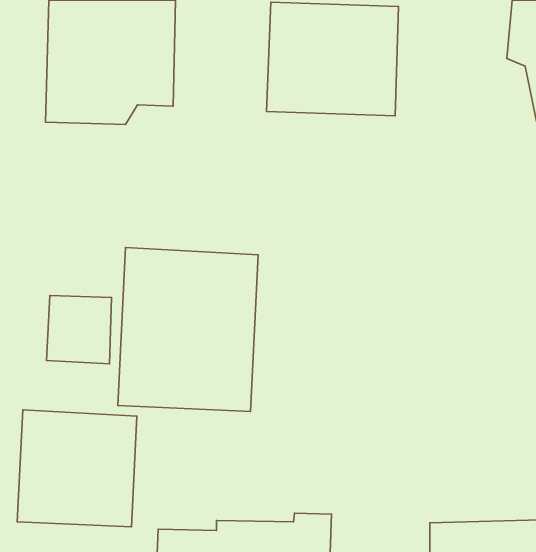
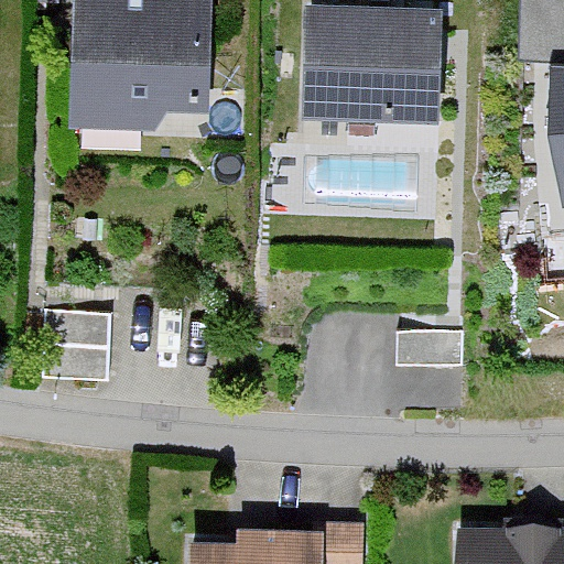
building: [118,248,258,411] -> none
building: [17,410,137,527] -> none

